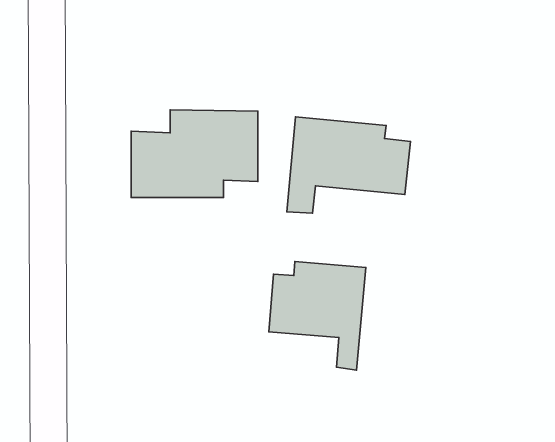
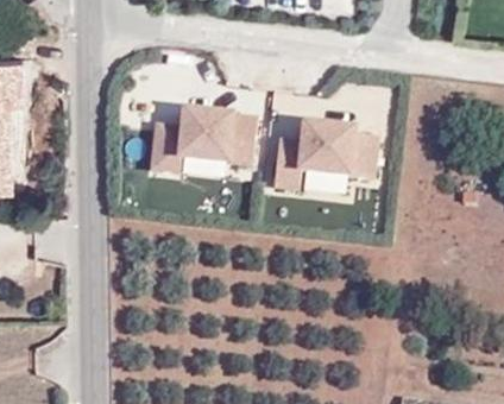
building: [269,261,366,370] -> none

